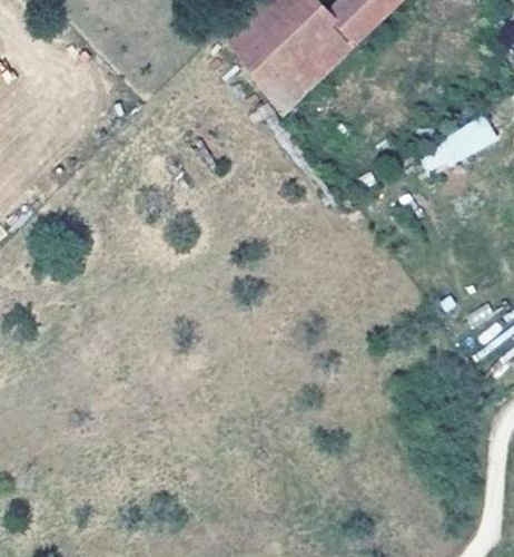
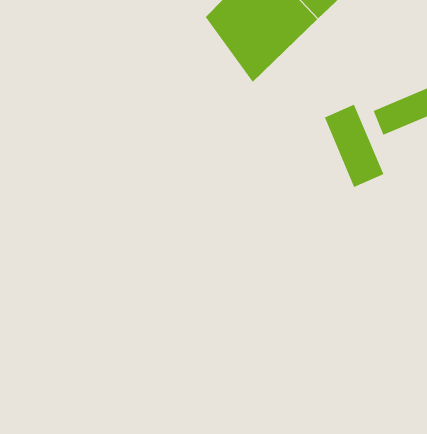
building: none -> [324,104,384,188]

